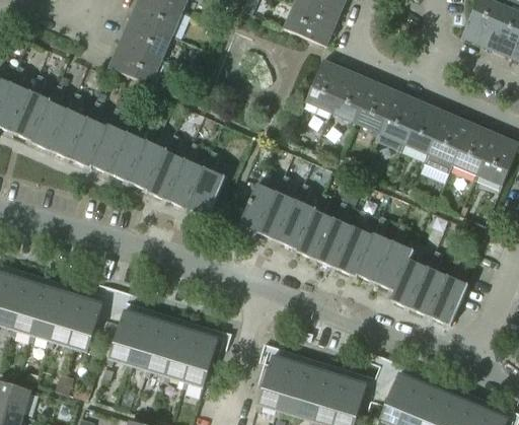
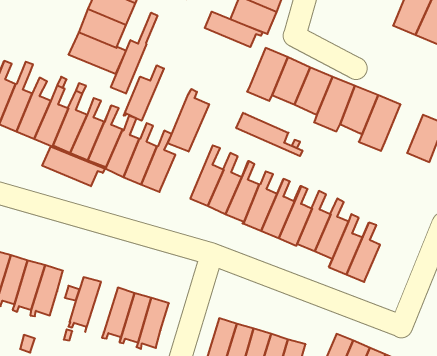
building: none -> [205,12,263,47]
building: none -> [111,13,157,94]
building: none -> [124,65,164,121]
building: none -> [168,89,209,152]
building: [452,121,494,173] -> none
building: none -> [236,113,302,156]
building: none -> [42,146,105,186]
building: [430,257,467,324] -> none
building: [126,314,161,370] -> none

